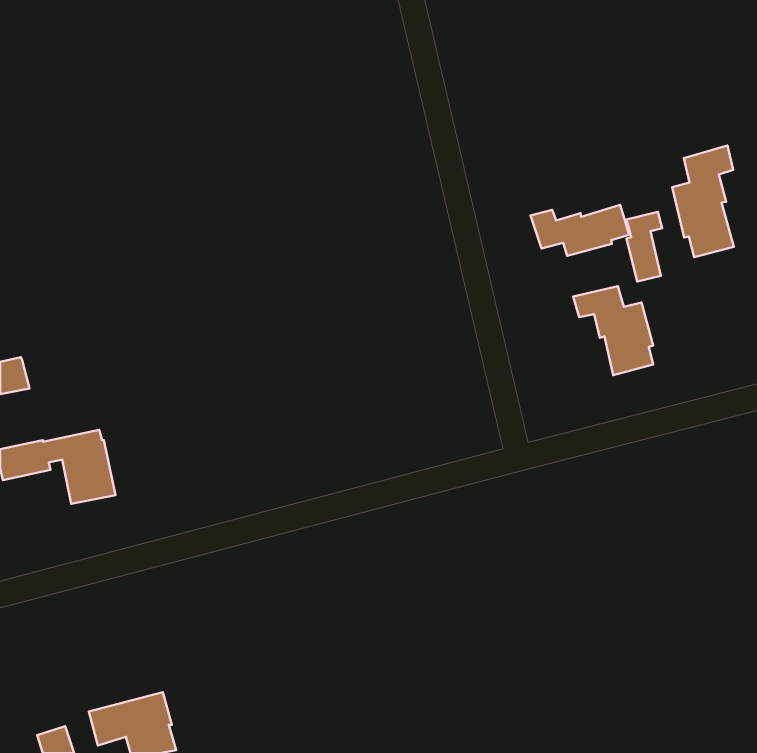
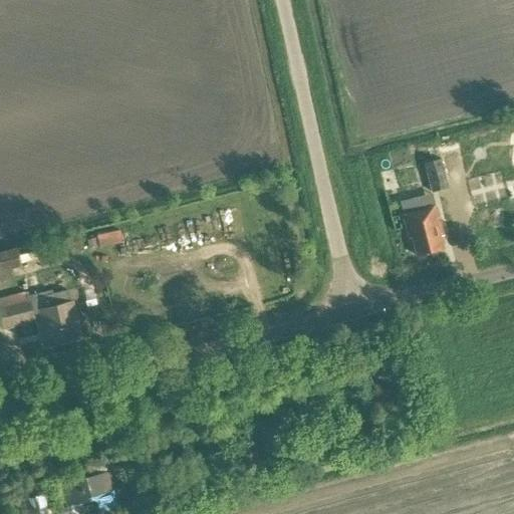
building: [672,145,734,257] -> none
building: [530,205,629,256] -> none

